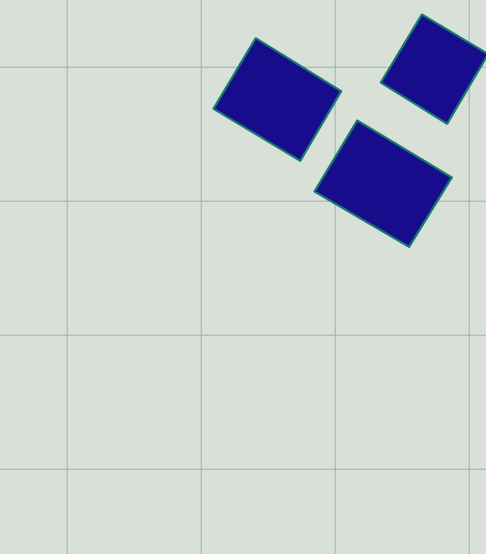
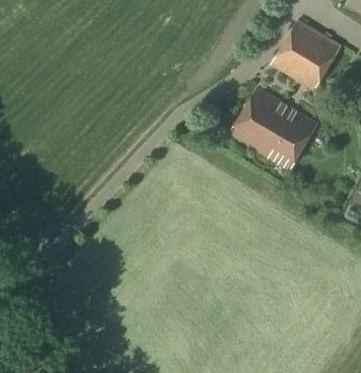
building: [213,38,341,161] -> none

